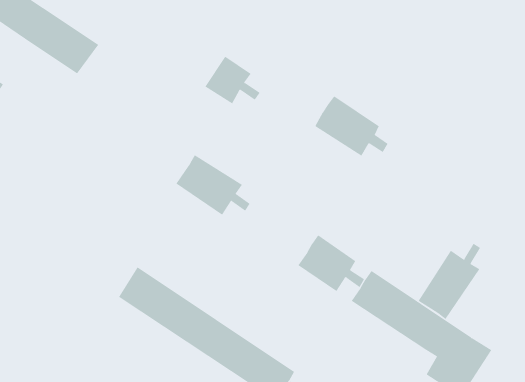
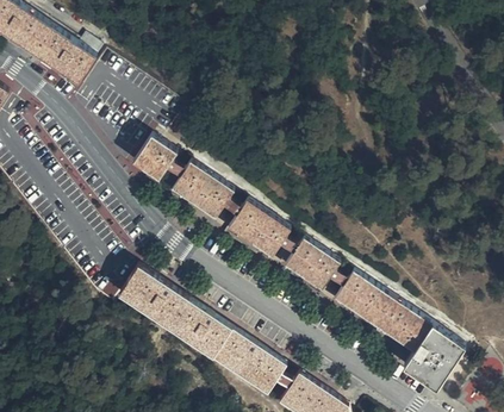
building: [204,56,260,104] -> [131,136,183,181]
building: [315,96,388,157] -> [229,200,298,257]
building: [418,243,481,320] -> none

